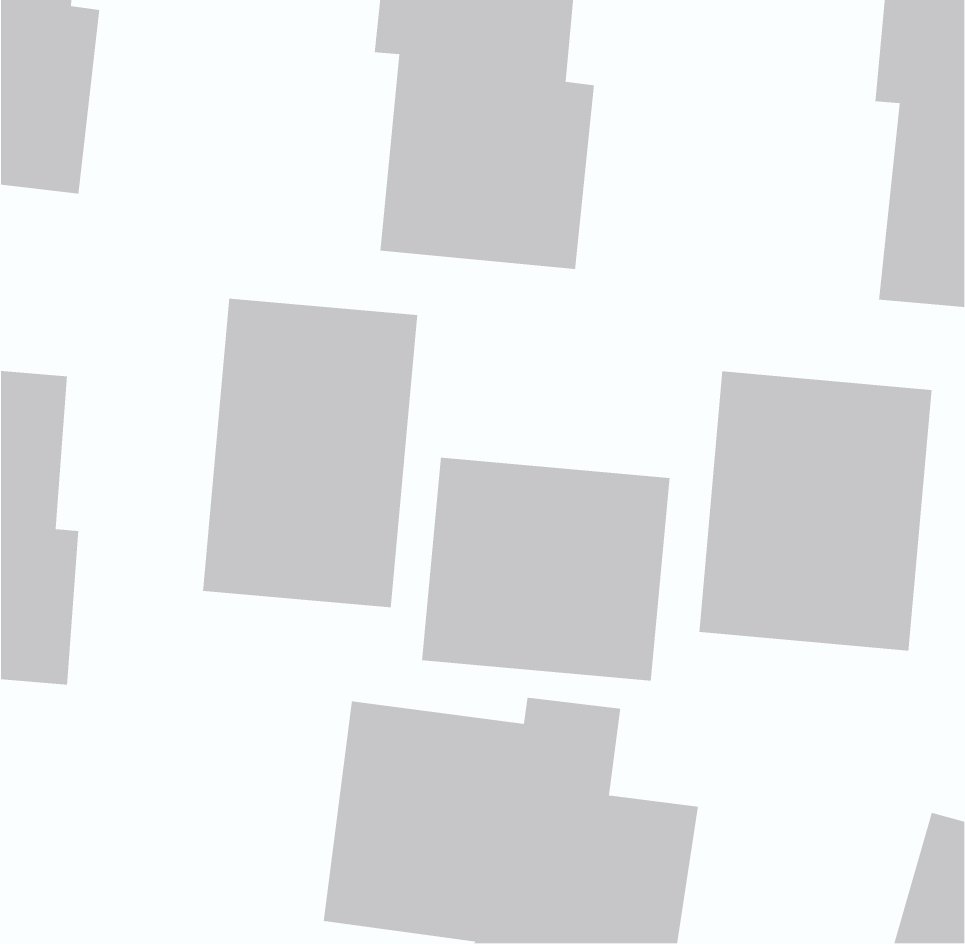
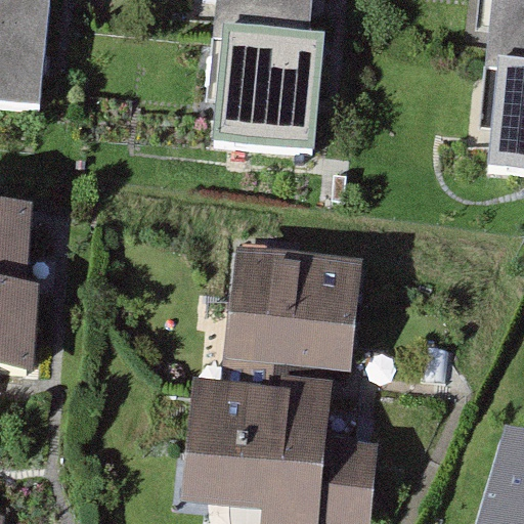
building: [202,298,418,608] -> none
building: [698,371,932,652] -> none

